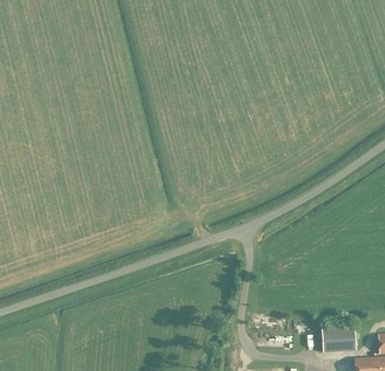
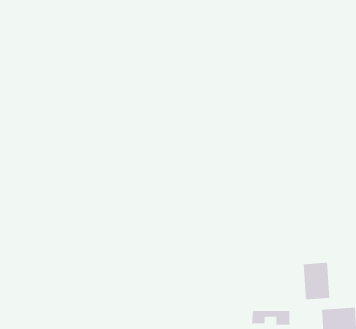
building: none -> [303,262,330,300]

